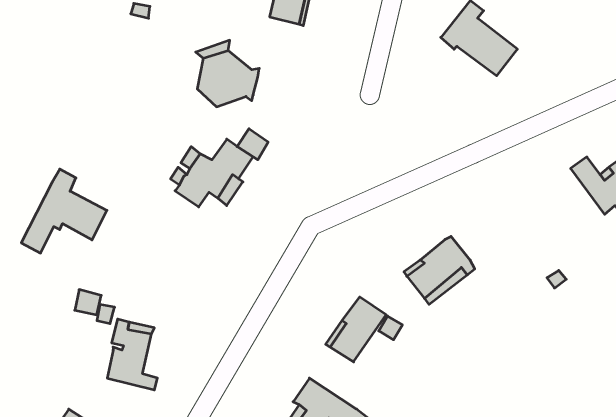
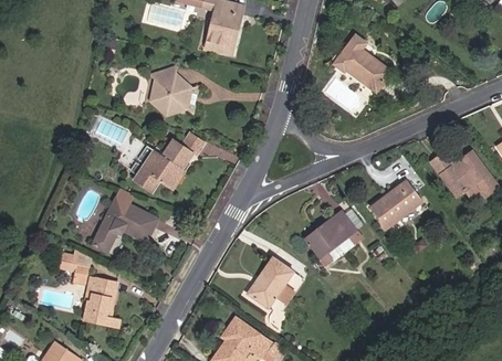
building: [21,169,107,253] -> [92,188,156,251]
building: none -> [369,180,422,229]

